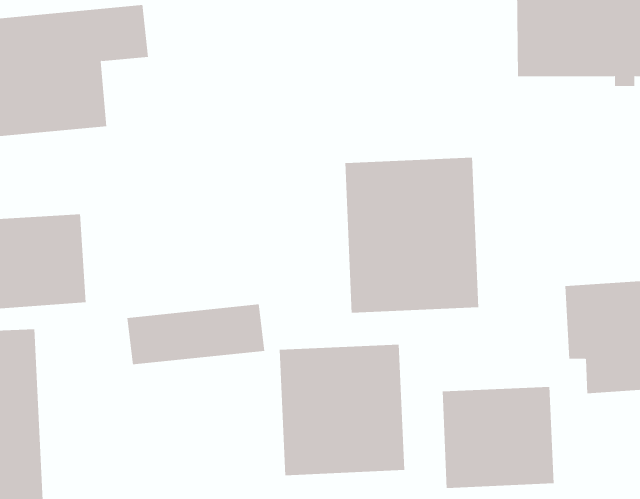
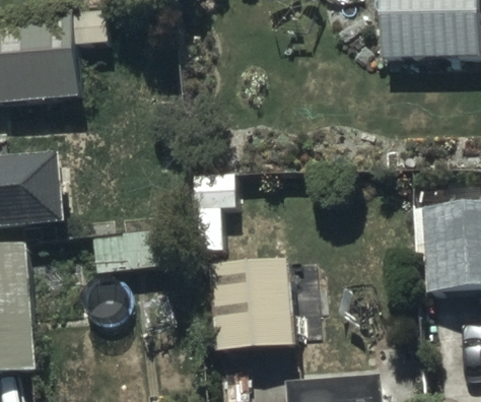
building: [345,157,479,313] -> none
building: [442,386,554,489] -> none

